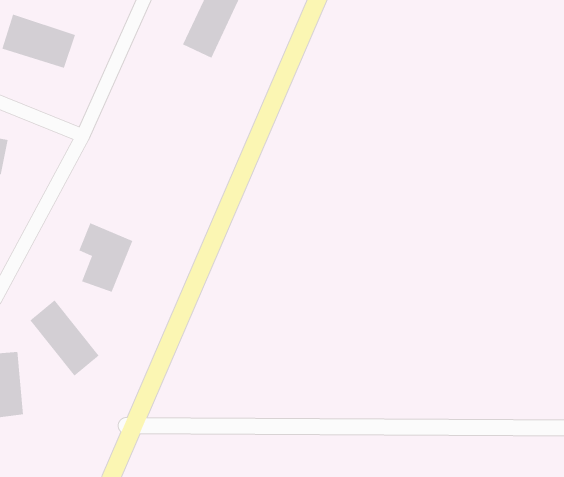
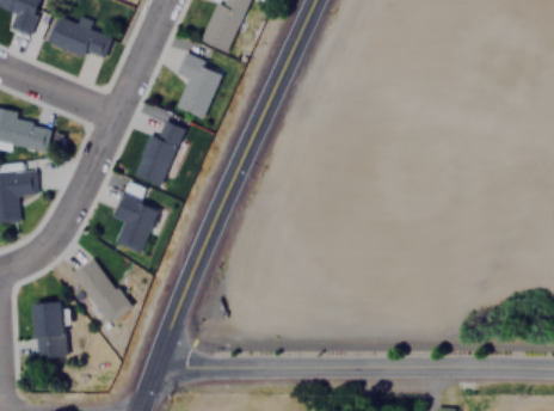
building: none -> [177,54,223,118]
building: none -> [133,119,186,185]

